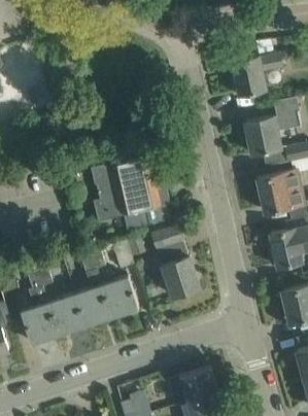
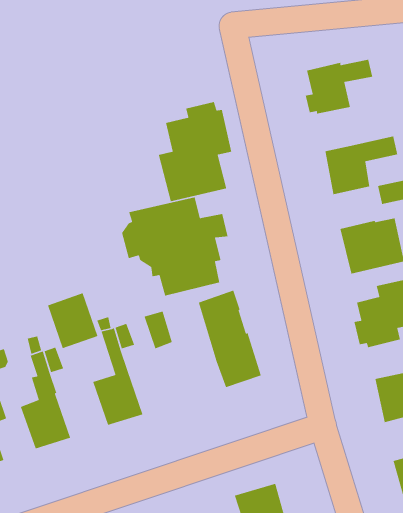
building: none -> [158,101,232,202]
building: [100,276,138,317] -> none
building: [46,292,84,335] -> [47,292,98,349]

